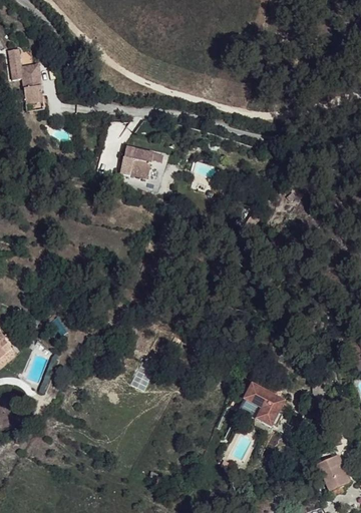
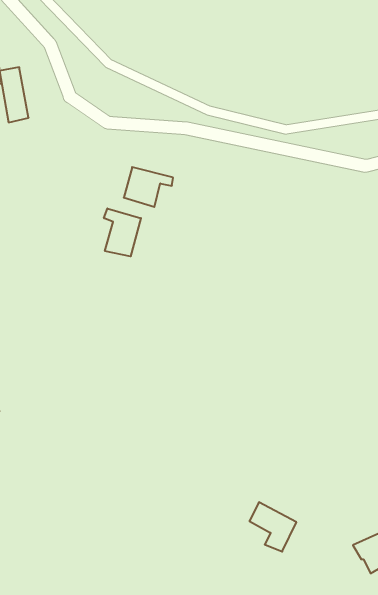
building: none -> [104,208,141,256]
building: [244,381,284,423] -> [249,502,296,552]

